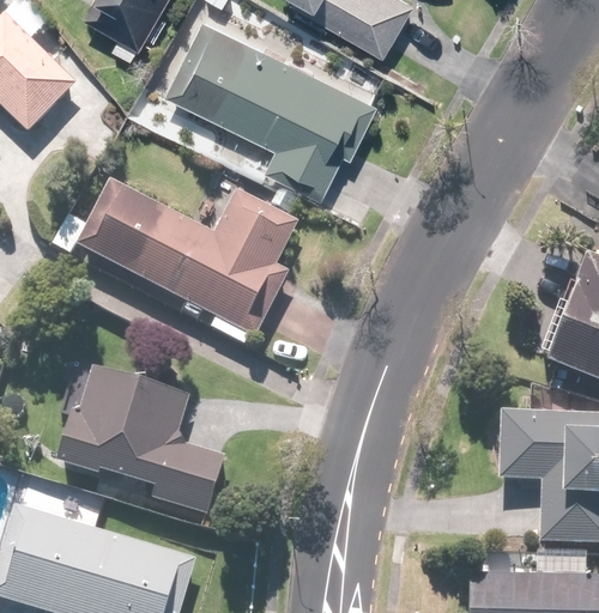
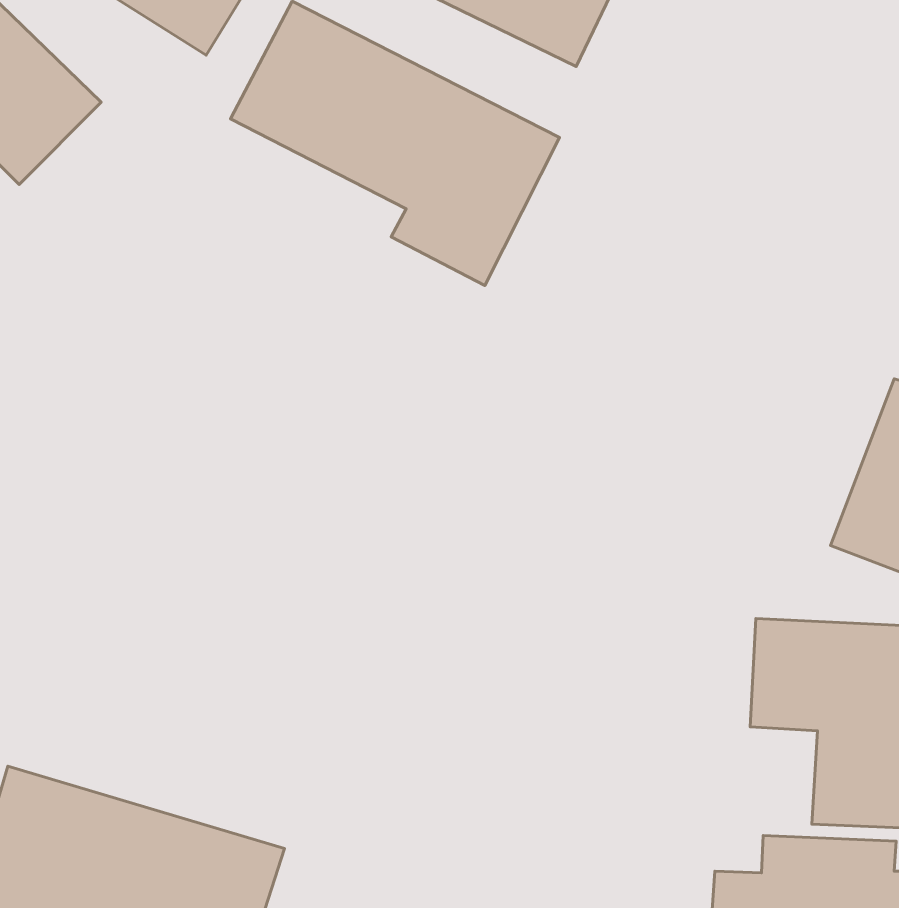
building: [50,178,301,345] -> none
building: [53,363,229,515] -> none

